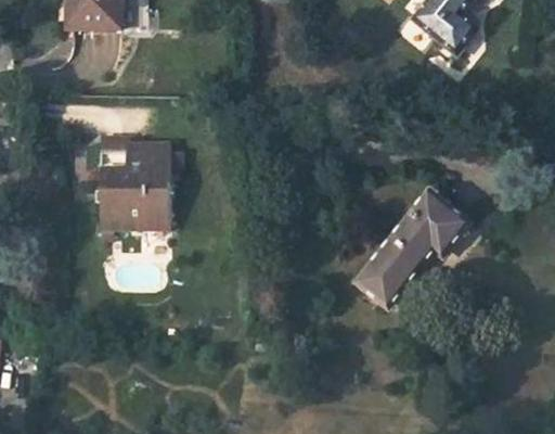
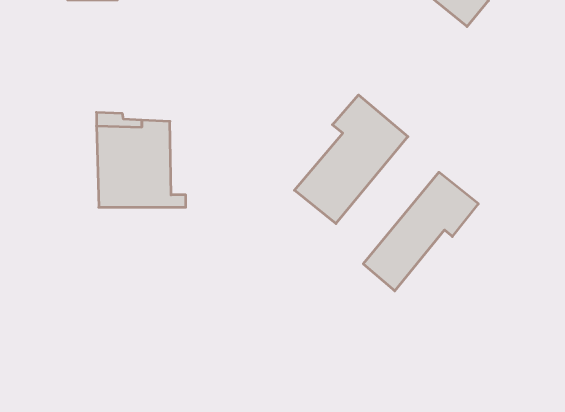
building: none -> [294,95,408,224]

